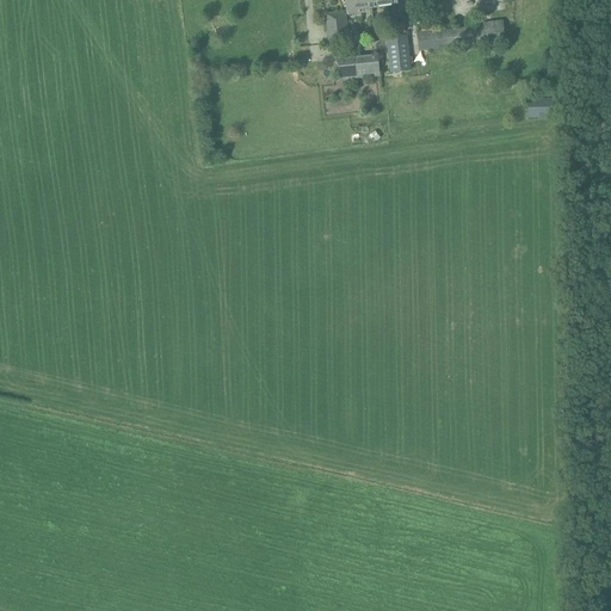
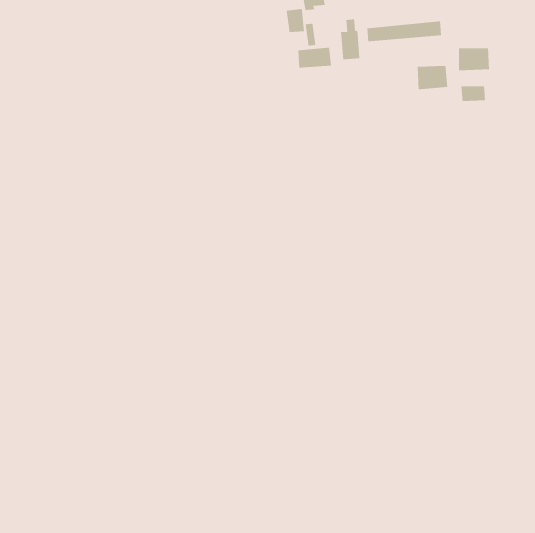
building: none -> [458,47,490,71]
building: none -> [417,65,448,90]

